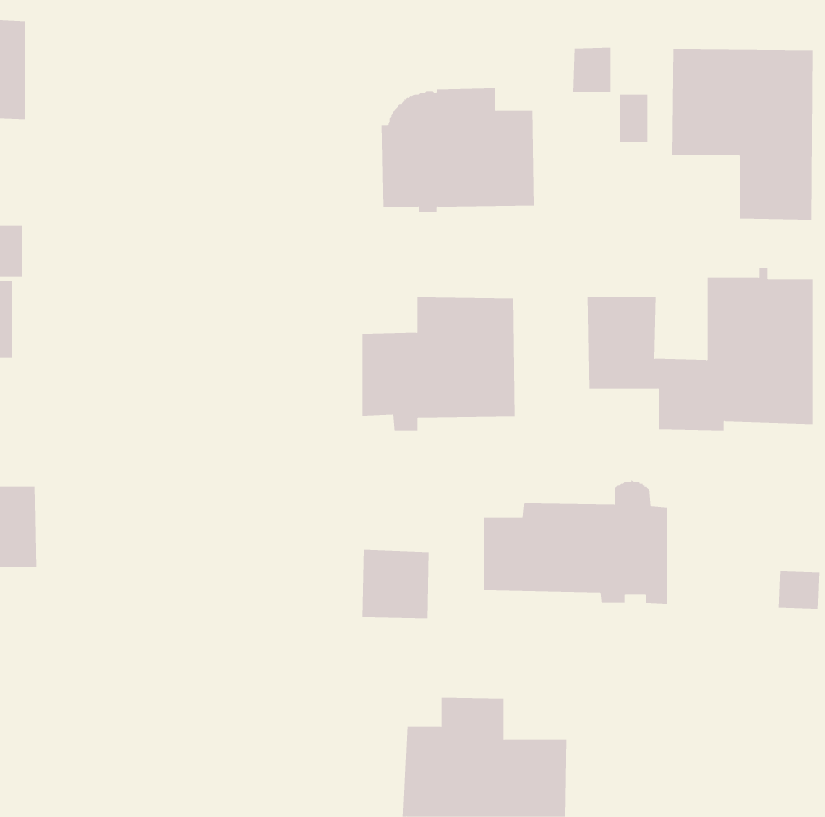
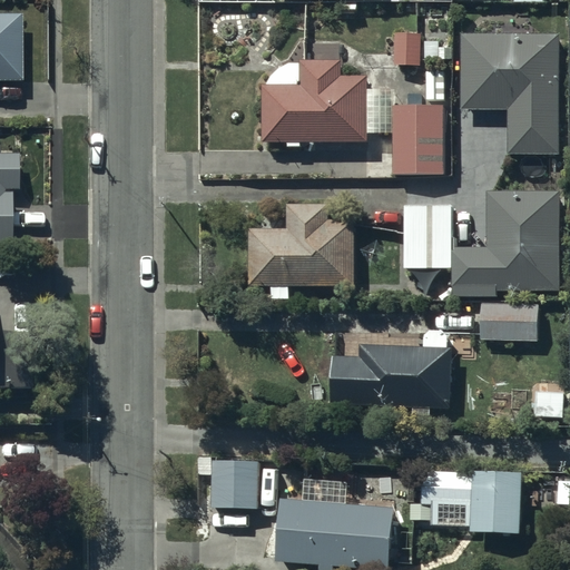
building: none -> [373,85,452,176]
building: none -> [480,304,537,338]
building: [362,549,430,619] -> [210,461,257,509]
building: none -> [421,470,521,534]

